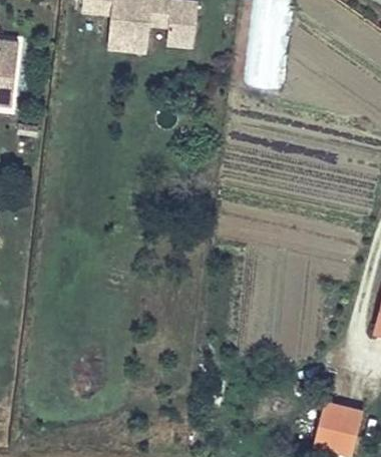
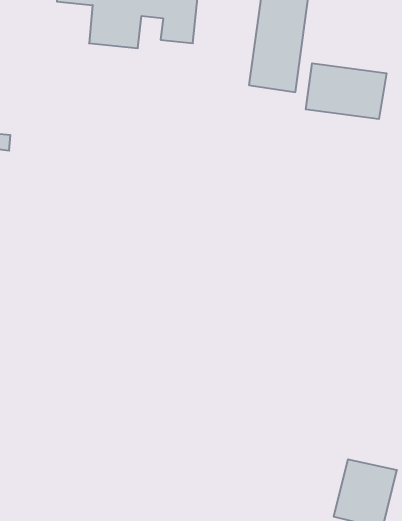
building: none -> [306,63,387,119]

